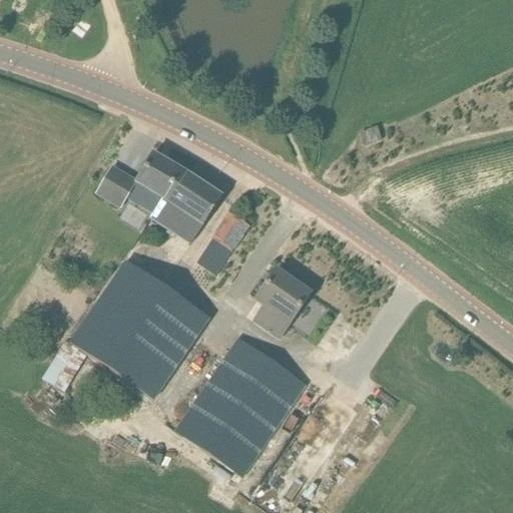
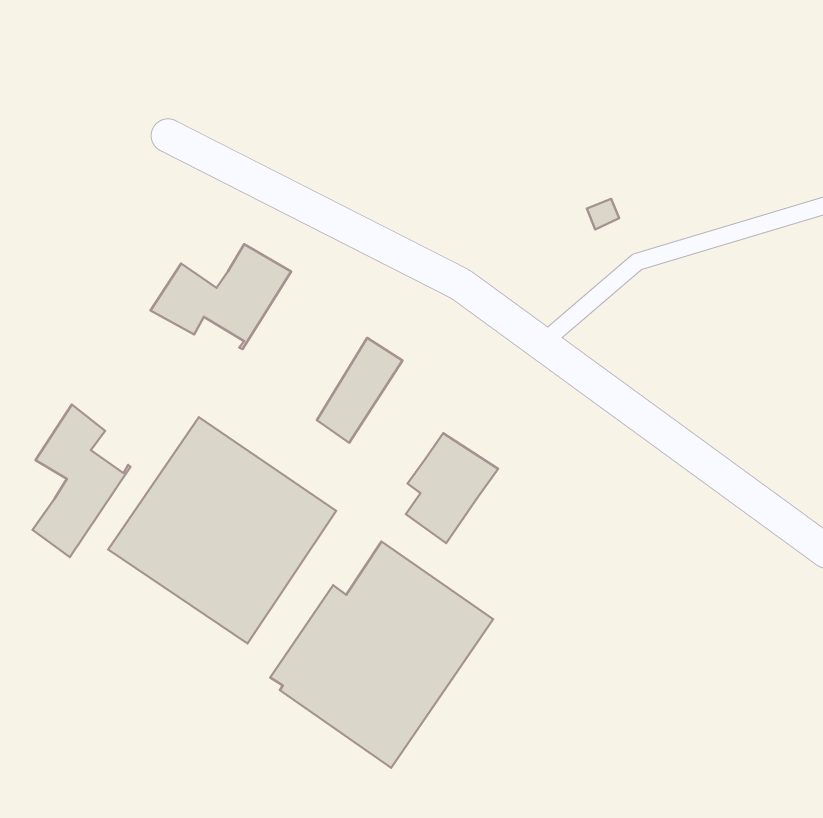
building: [152,168,222,242] -> none
building: none -> [33,405,131,557]

